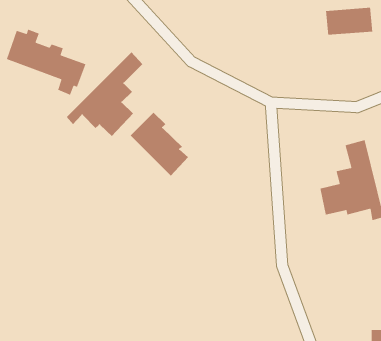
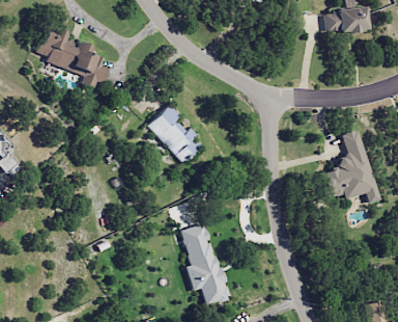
building: [66,52,143,137] -> none
building: none -> [180,222,228,306]

